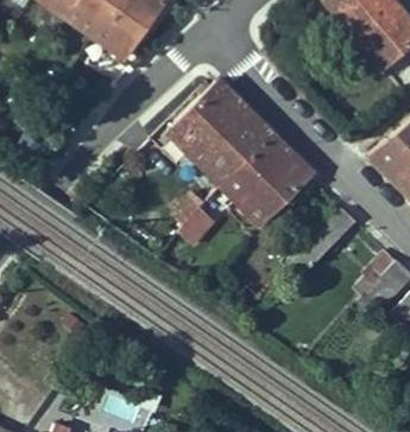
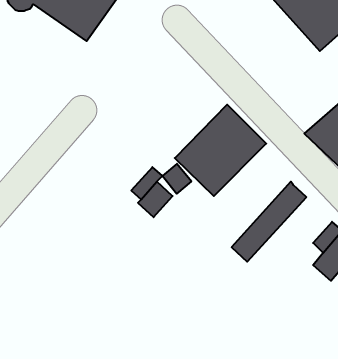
building: [165,75,270,179] -> none

